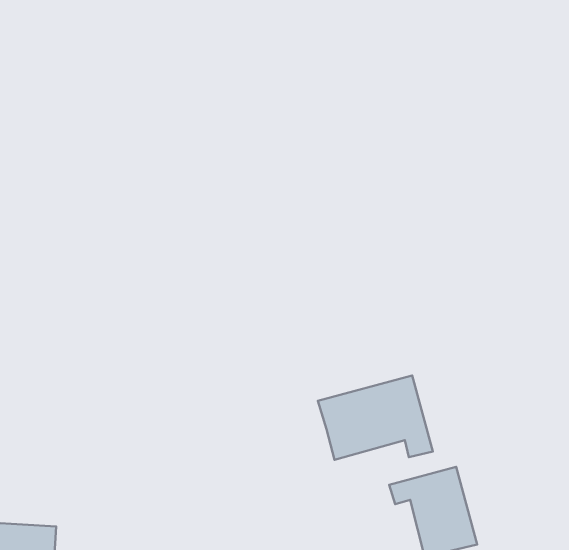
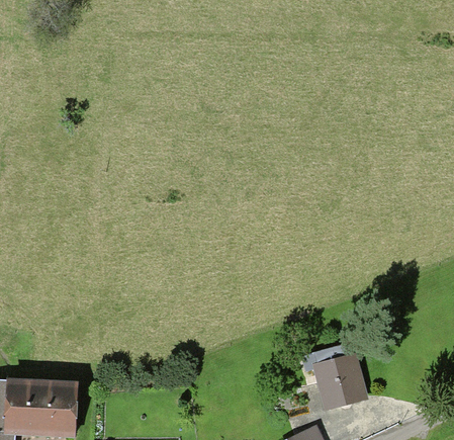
building: [318,376,433,460] -> none

